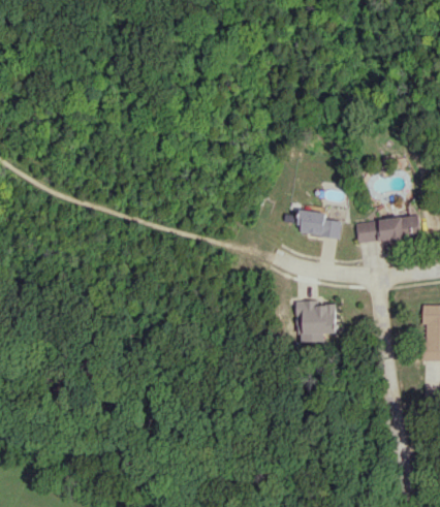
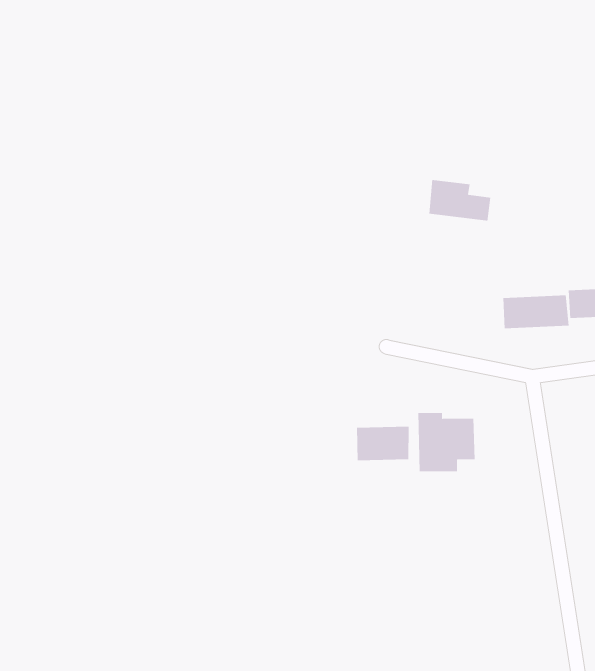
building: [297,210,341,239] -> [429,180,491,221]
building: none -> [356,426,409,461]

